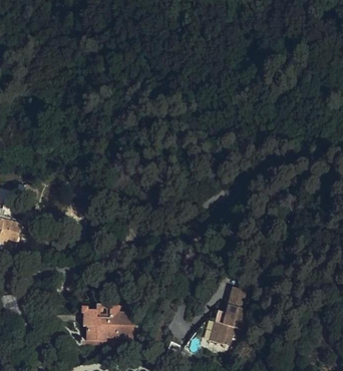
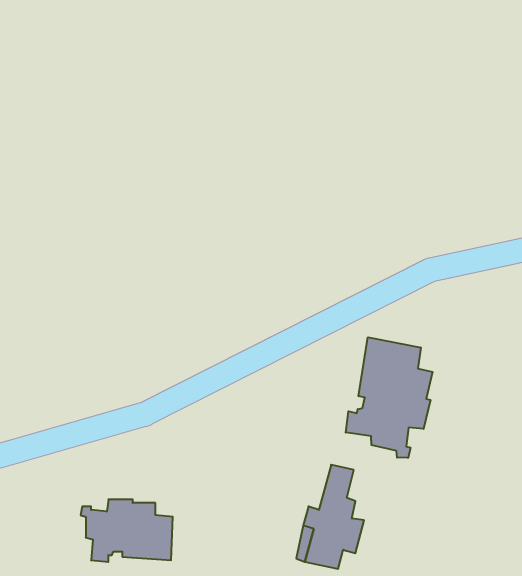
building: none -> [346,337,433,458]

